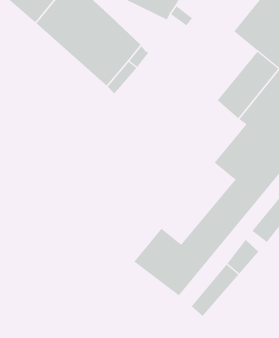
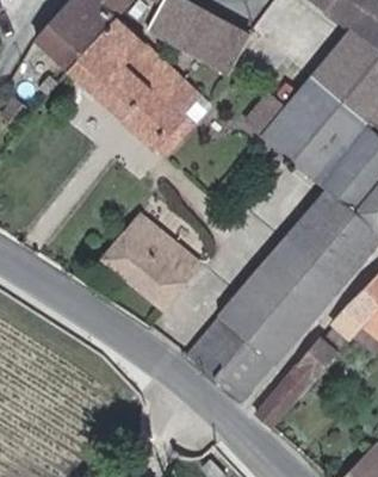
building: none -> [258,79,336,163]
building: none -> [98,218,199,311]
building: none -> [221,238,309,336]

